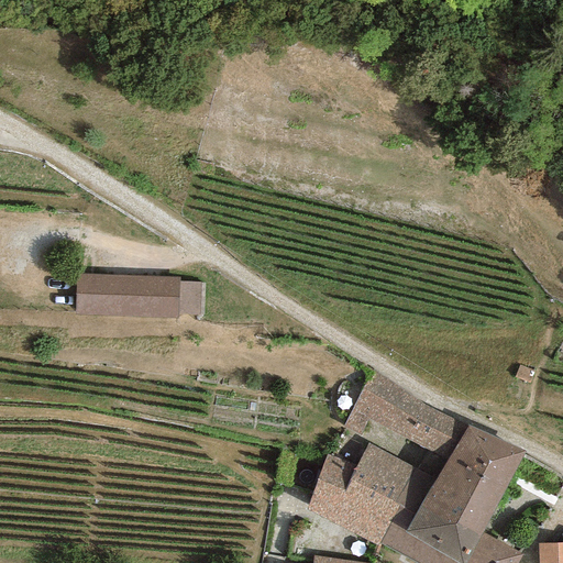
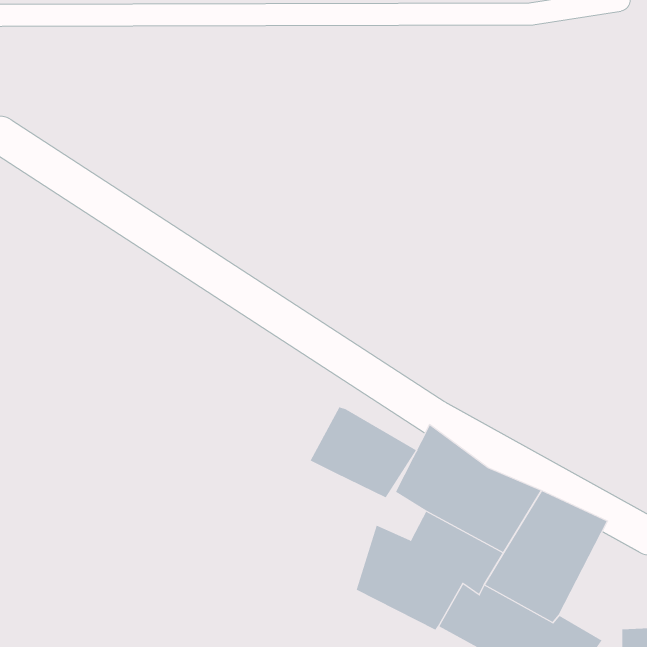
building: [76,273,202,318] -> none
building: none -> [310,407,417,498]

